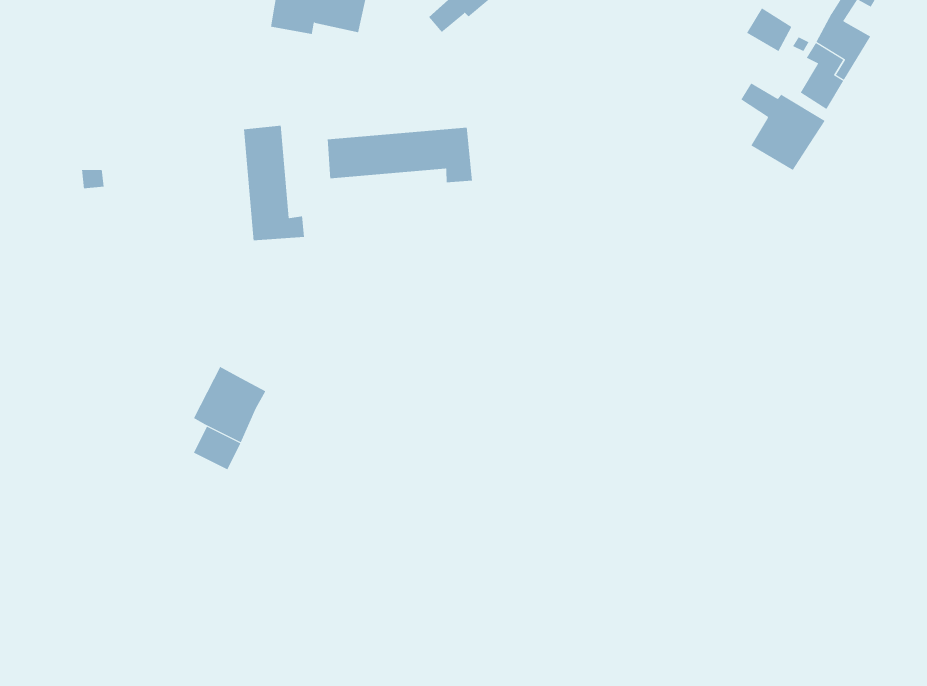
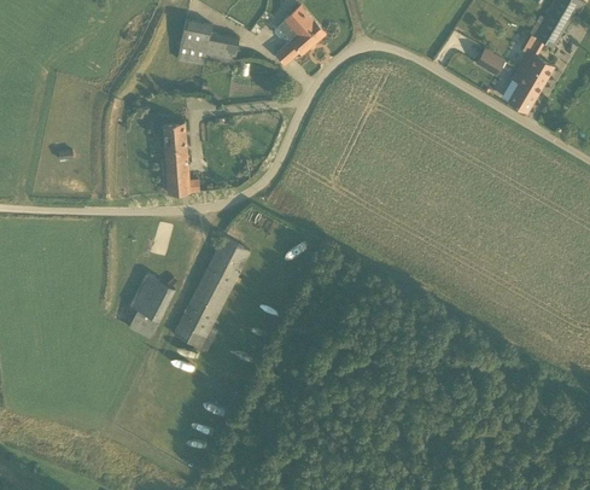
building: [740,82,826,171] -> none
building: [327,127,473,183] -> none
building: none -> [173,237,250,351]

